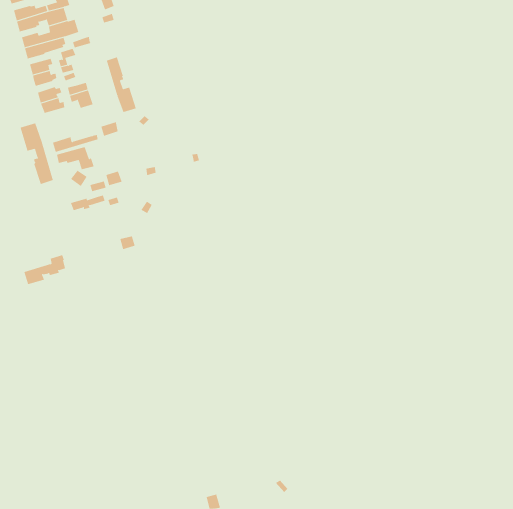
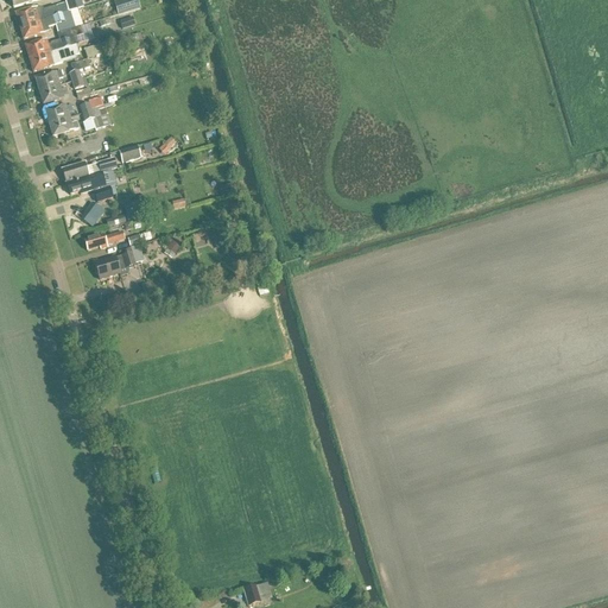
building: [106,56,136,113] -> none
building: [20,123,54,185] -> none
building: [24,255,66,285] -> [94,242,144,278]

